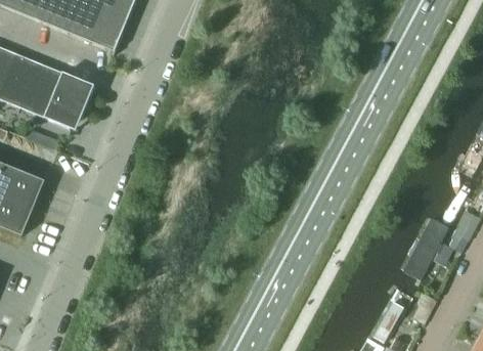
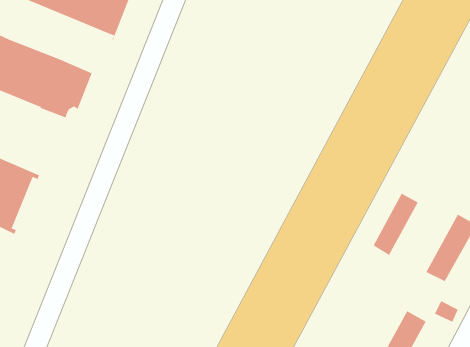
building: none -> [373,193,418,256]

